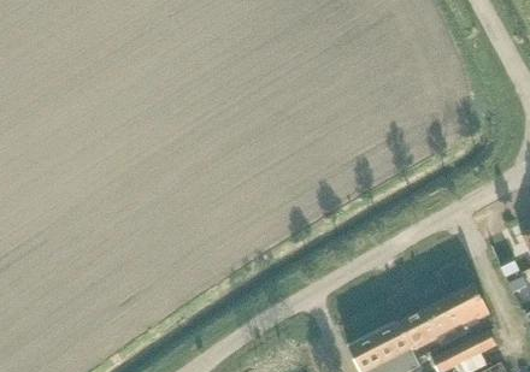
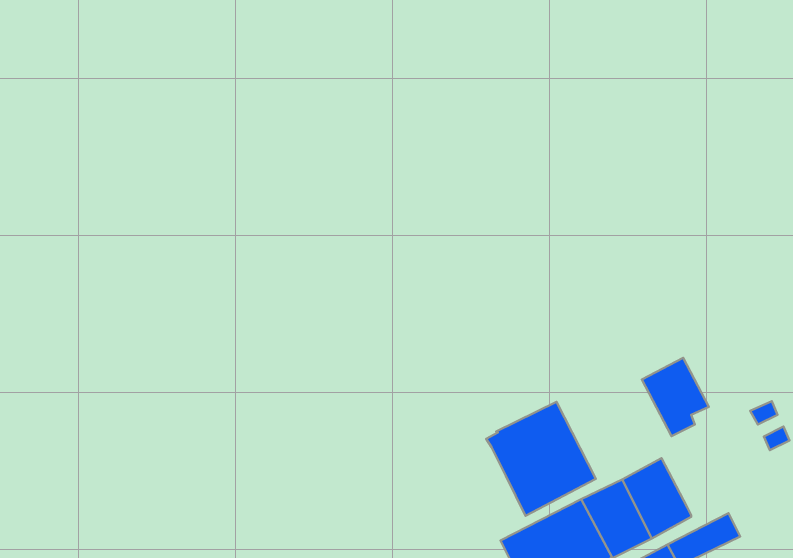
building: none -> [486,402,596,516]
building: [448,283,489,331] -> [642,358,709,436]

